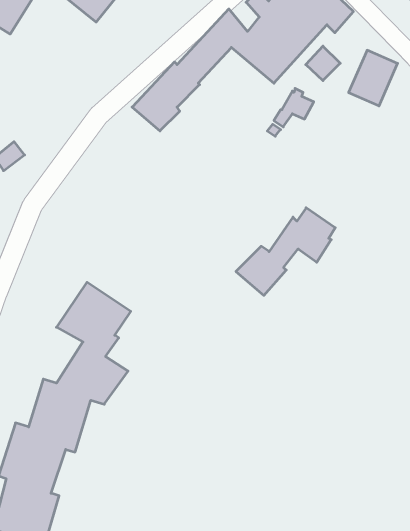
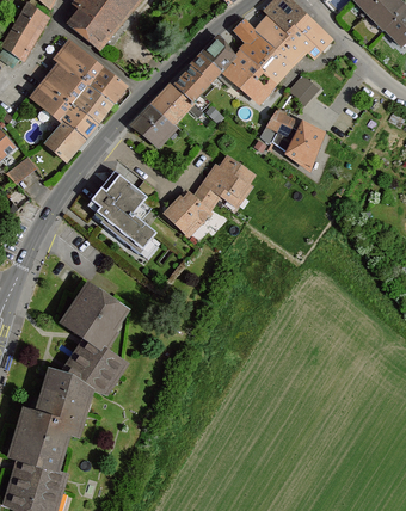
building: none -> [31,42,125,162]
building: [349,50,398,106] -> [282,116,326,166]
building: none -> [86,167,153,258]
building: [236,208,335,295] -> [160,155,250,234]

